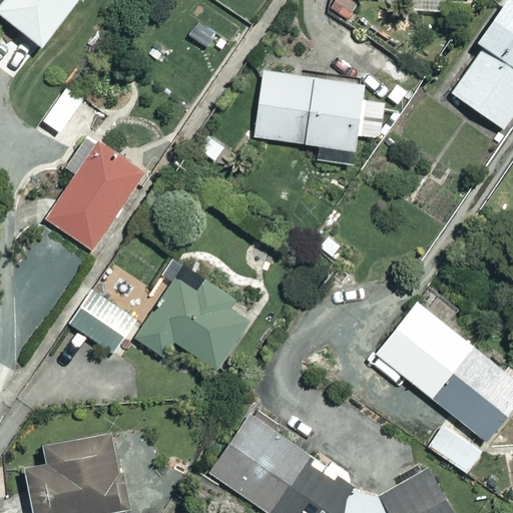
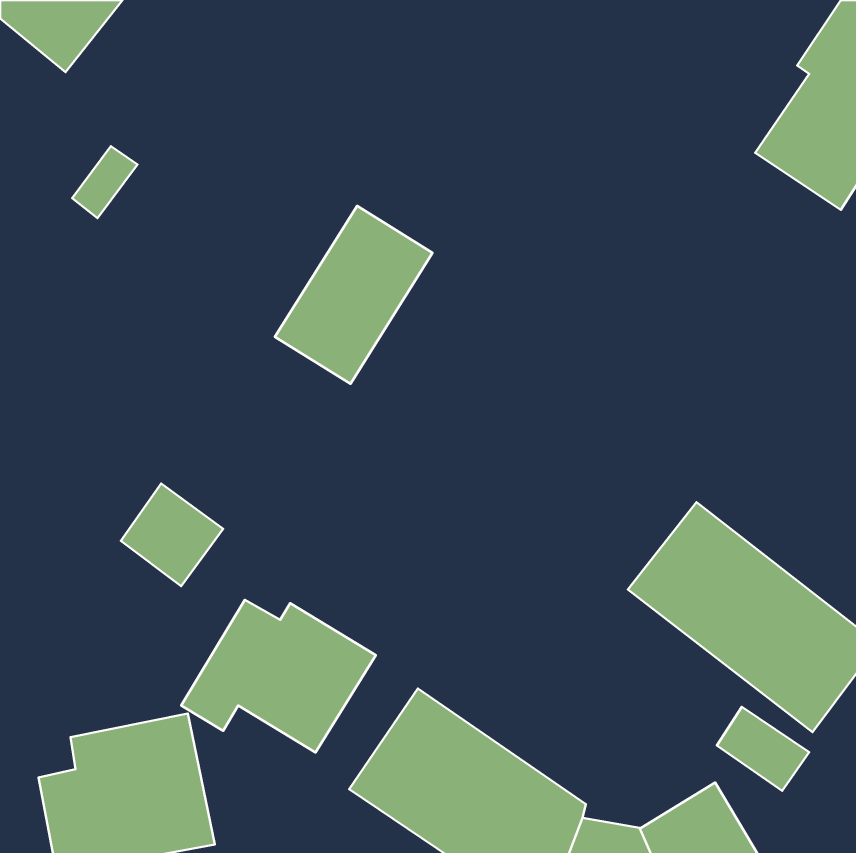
building: [254,71,388,150] -> none
building: [48,143,142,249] -> [275,206,433,384]
building: [138,279,254,370] -> [181,600,376,753]

